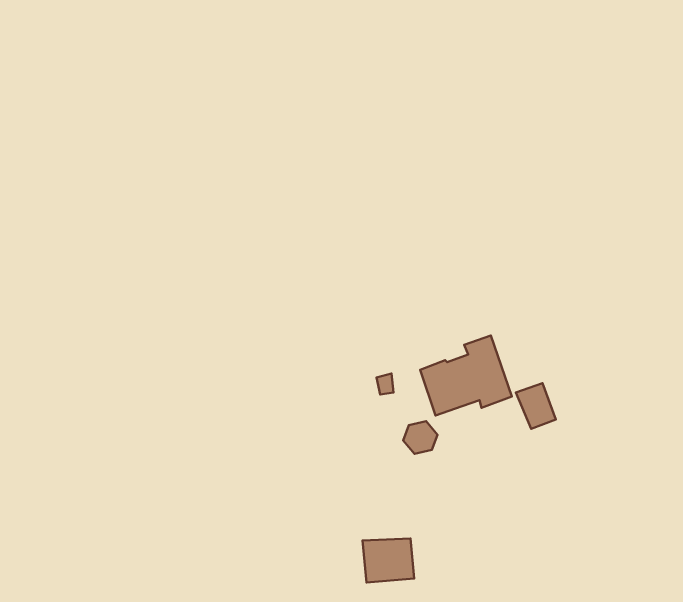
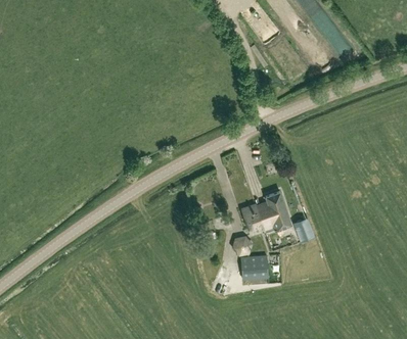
building: [363,539,414,582] -> [240,255,268,279]

